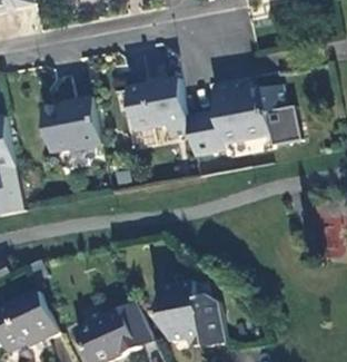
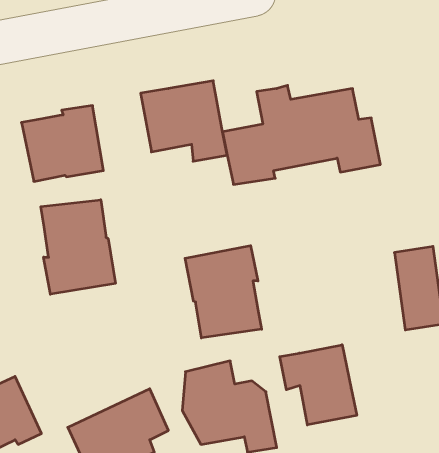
building: none -> [41,200,115,294]
building: none -> [185,246,262,338]
building: none -> [280,345,357,425]

